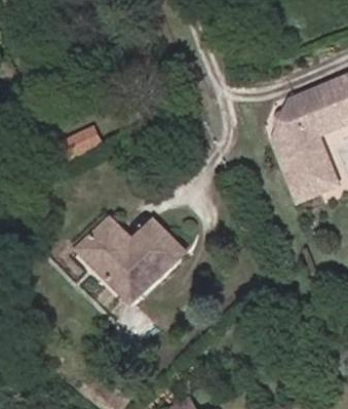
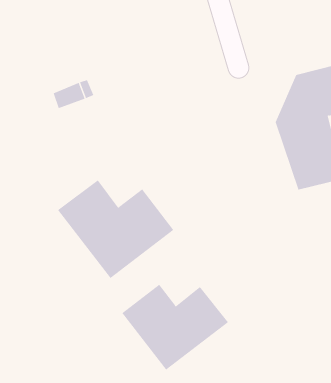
building: none -> [122,284,229,371]

